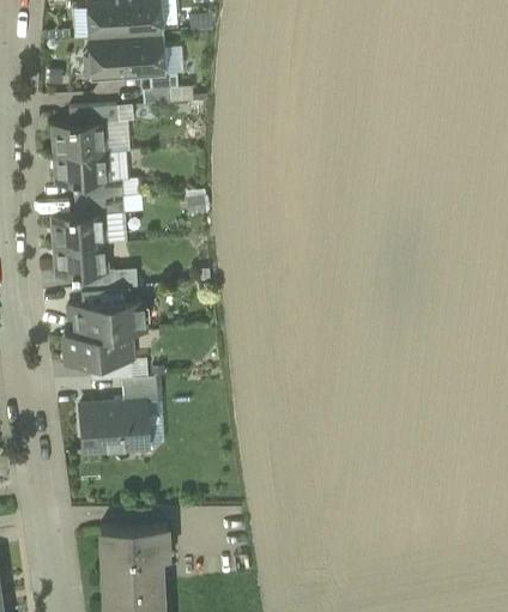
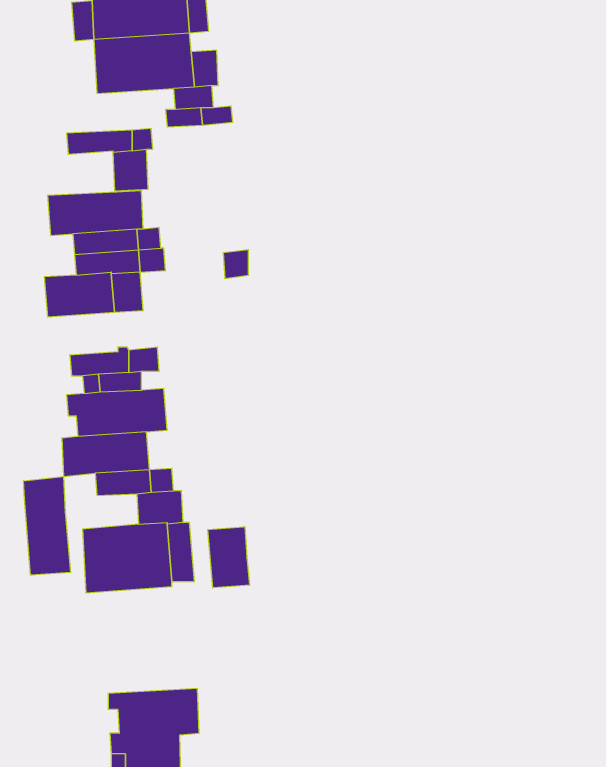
building: [50,119,104,152] -> none
building: [53,240,105,273] -> none
building: none -> [24,476,70,575]
building: none -> [208,527,250,588]

